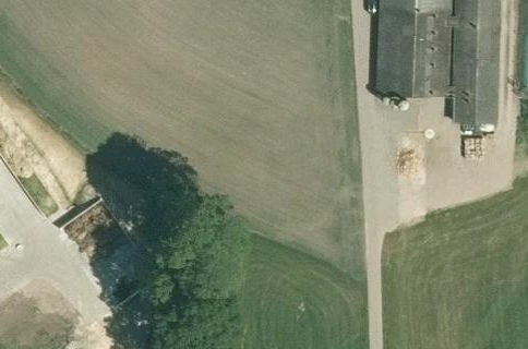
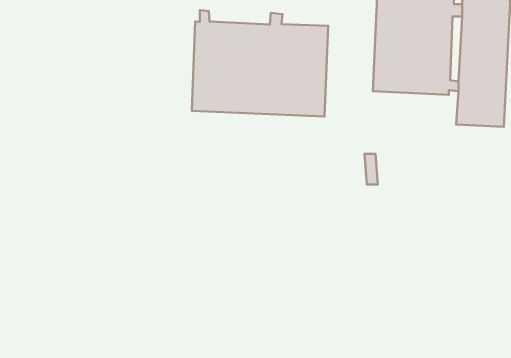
building: none -> [192,10,328,117]

